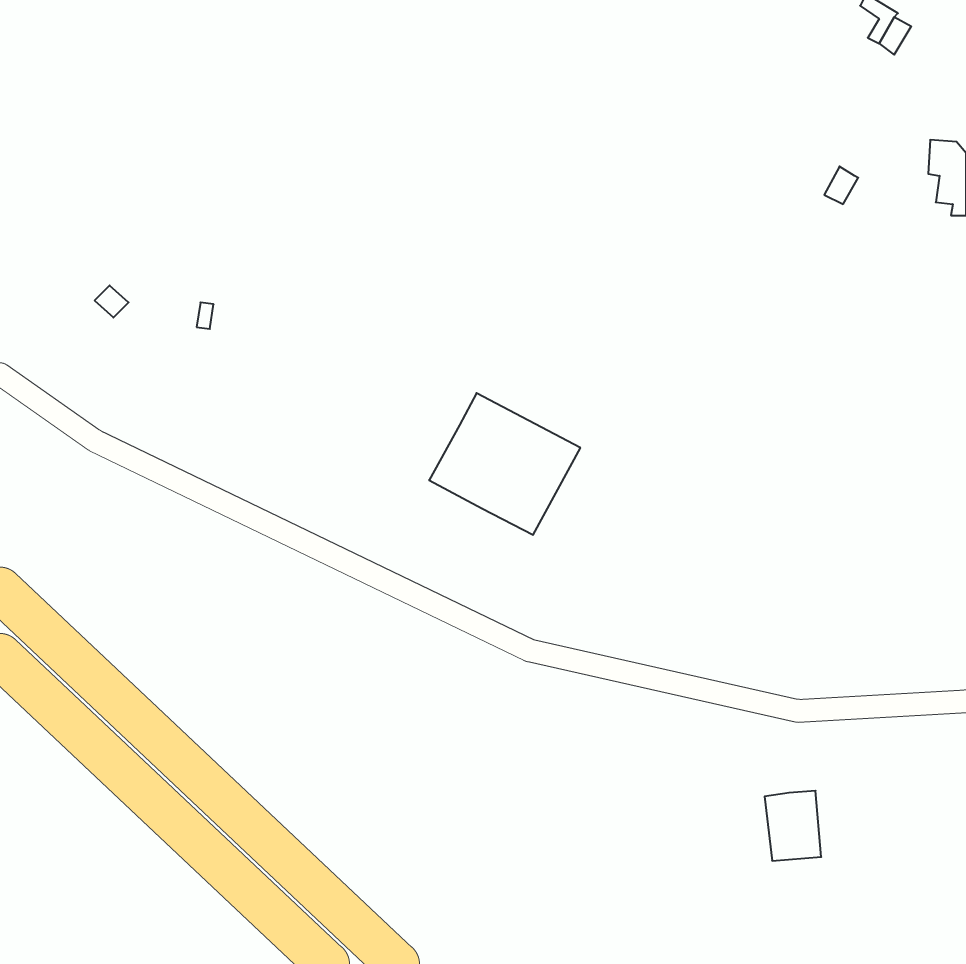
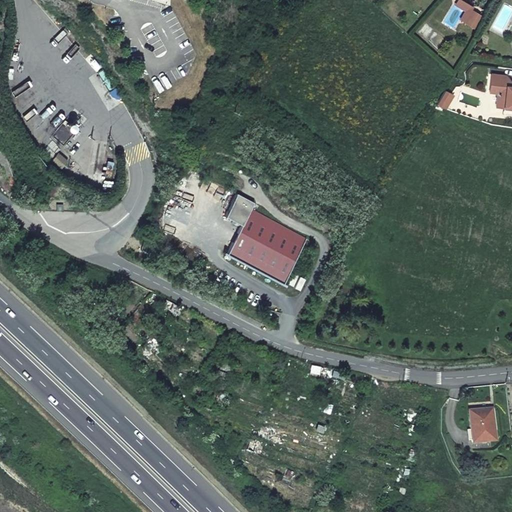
building: none -> [224,193,254,225]
building: [765,791,821,861] -> [468,407,498,444]

